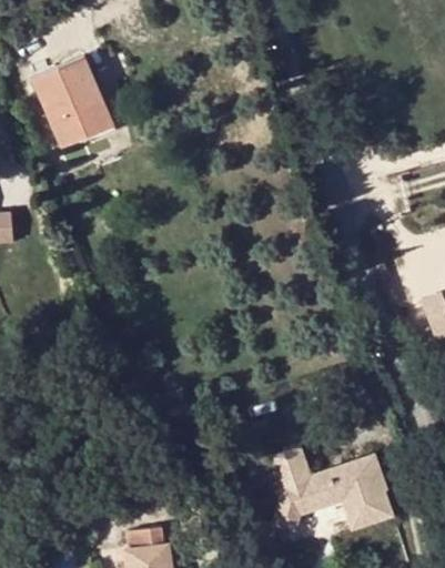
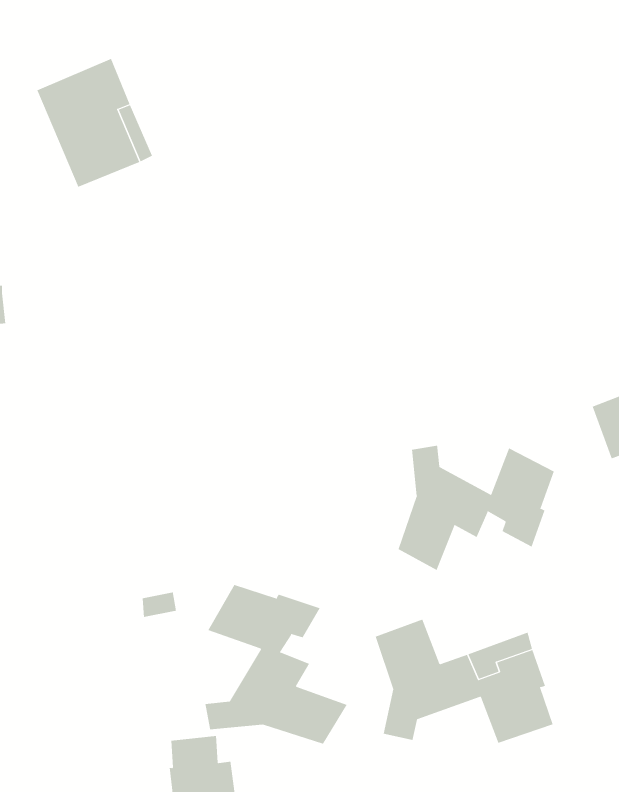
building: none -> [398,445,554,571]
building: none -> [205,584,348,744]

